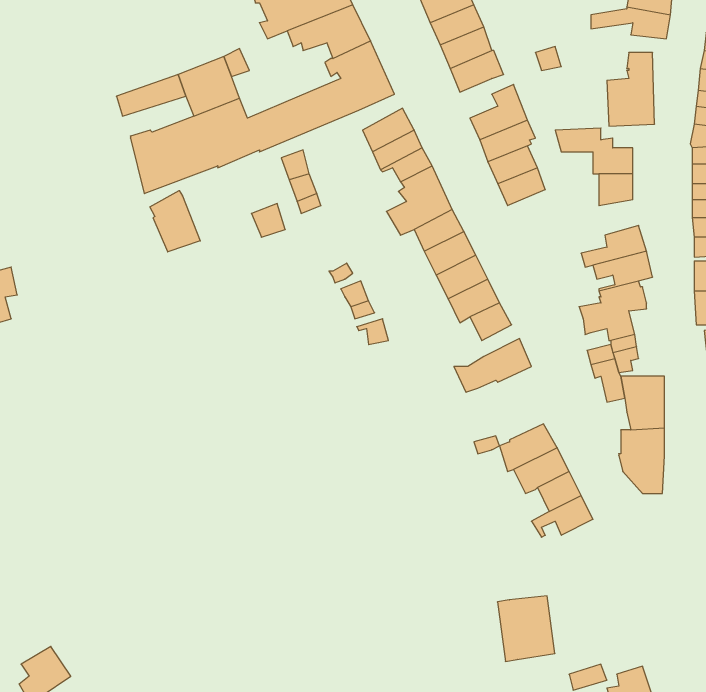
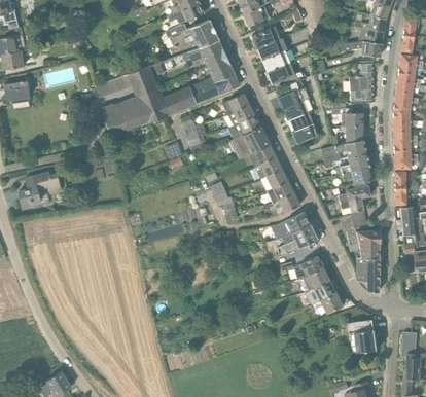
building: [150,191,200,252] -> none
building: none -> [321,140,366,164]
building: none -> [278,226,318,254]
building: [497,596,555,661] -> [348,320,378,354]

